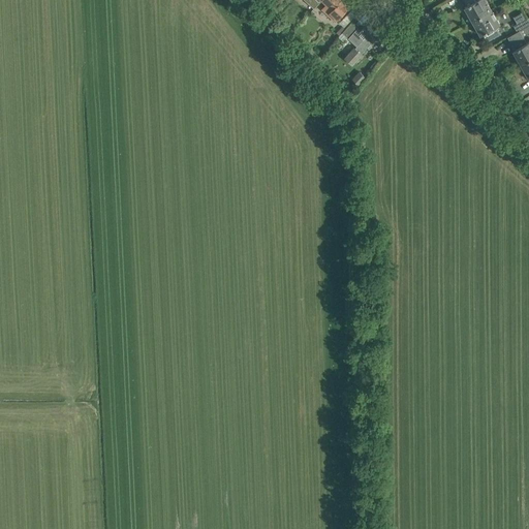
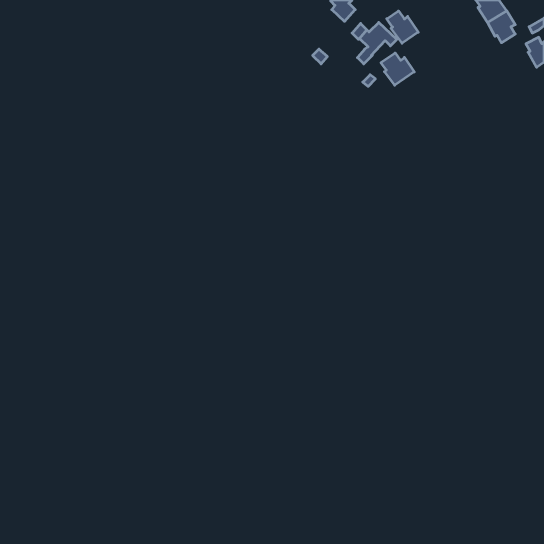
building: none -> [387,11,418,43]
building: none -> [381,53,414,85]

